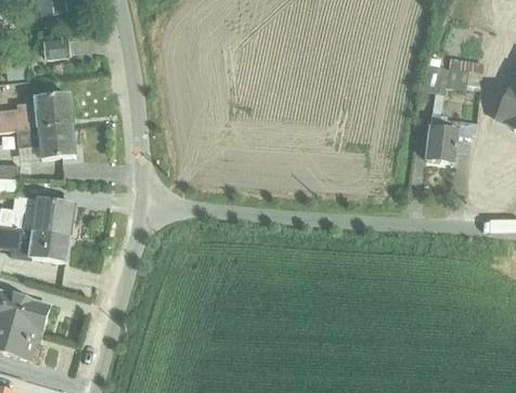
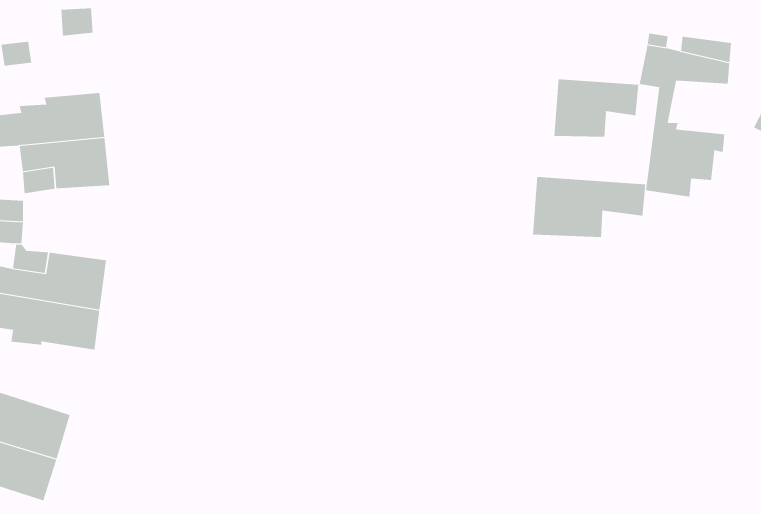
building: none -> [554,78,639,138]
building: none -> [532,176,646,238]

